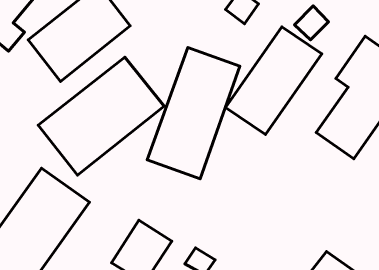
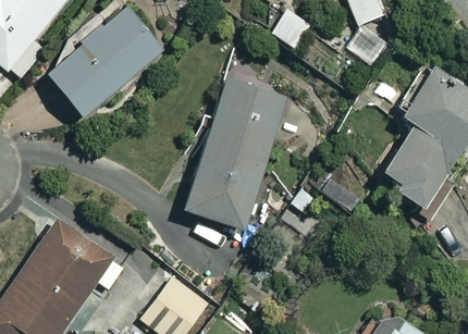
building: [225,27,322,134] -> none
building: [38,57,164,175] -> none

